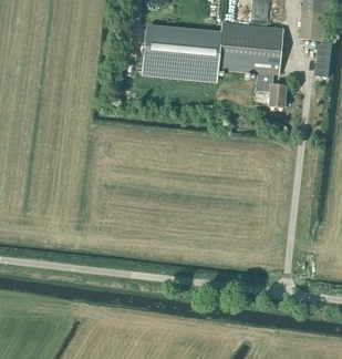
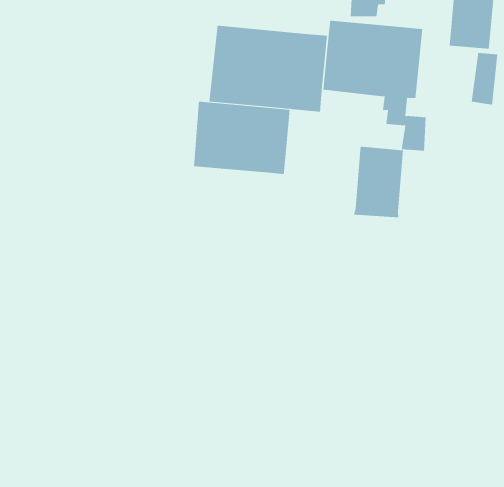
building: none -> [194,101,290,175]
building: none -> [354,146,403,218]

